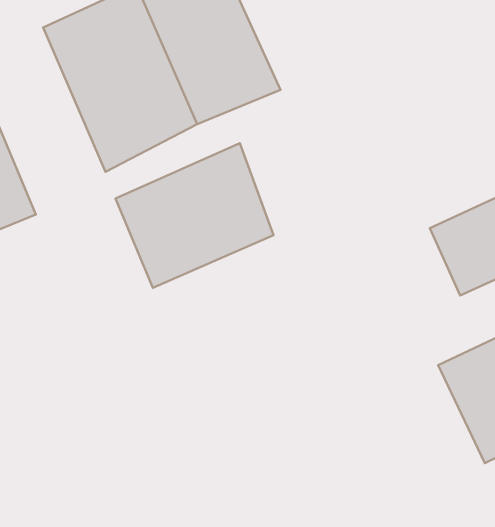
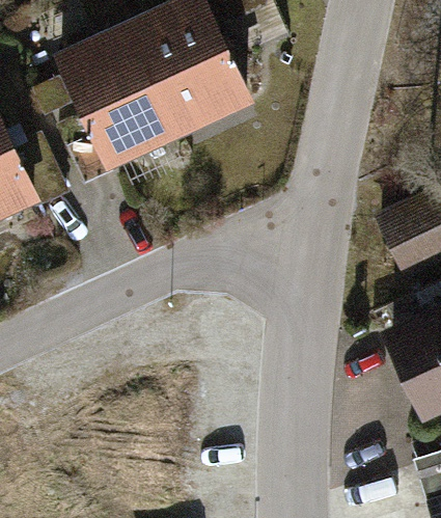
building: [116,143,274,288] -> none

